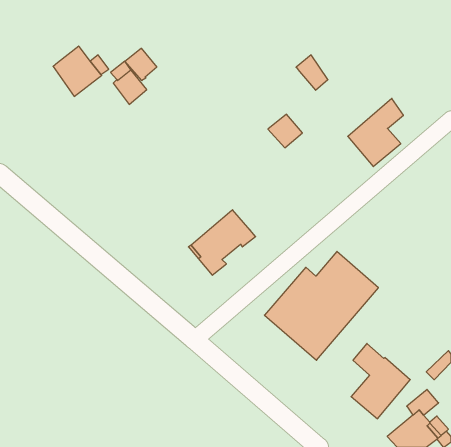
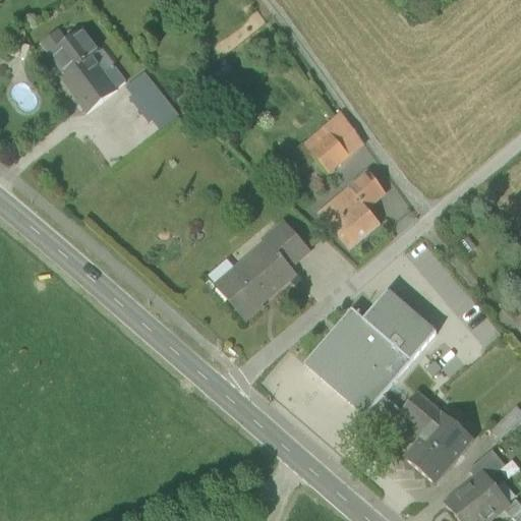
building: none -> [51,28,99,72]
building: [125,48,157,81] -> none
building: [296,55,328,90] -> [326,112,362,153]
building: [348,98,403,167] -> [319,170,383,248]
building: none -> [264,222,307,265]

